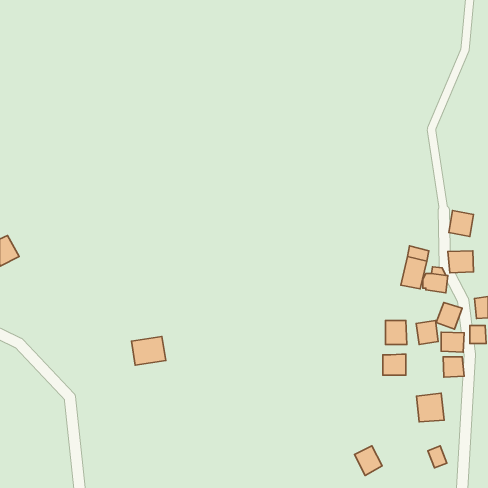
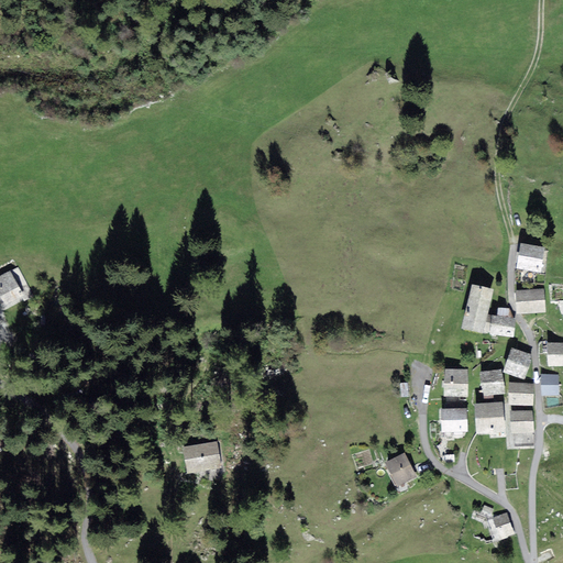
building: [131,336,166,365] -> [180,440,220,473]
building: [416,393,444,422] -> [473,400,505,433]
building: [354,446,382,475] -> [384,452,416,486]

